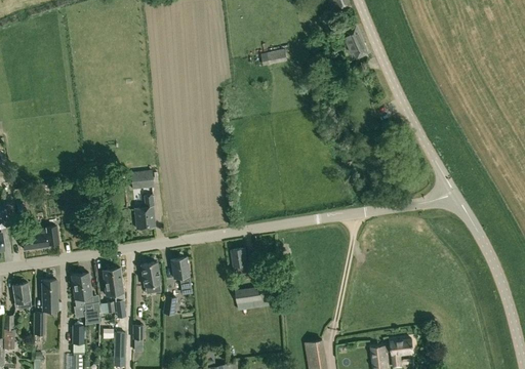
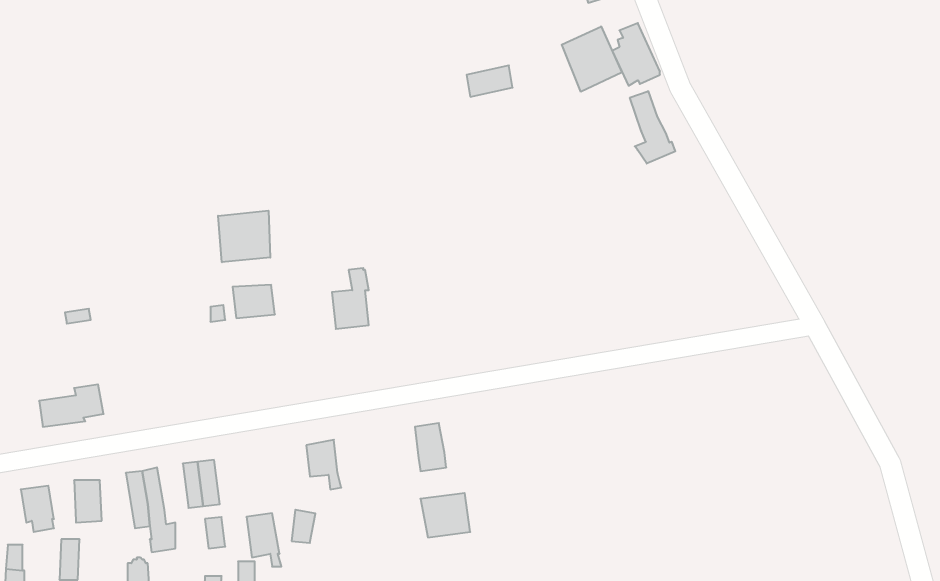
building: none -> [562,26,622,92]
building: none -> [630,91,675,164]
building: none -> [218,211,270,262]
building: [134,195,155,229] -> [332,268,369,329]
building: [142,262,161,292] -> [246,513,281,567]

